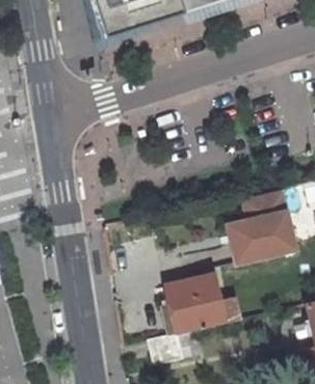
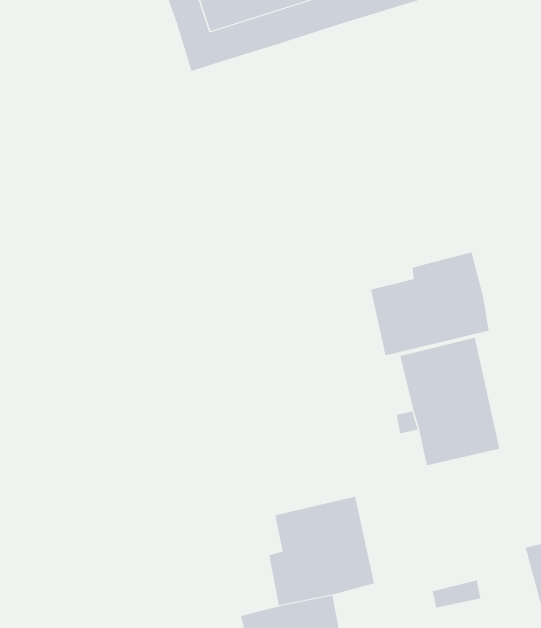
building: none -> [371,251,489,356]

